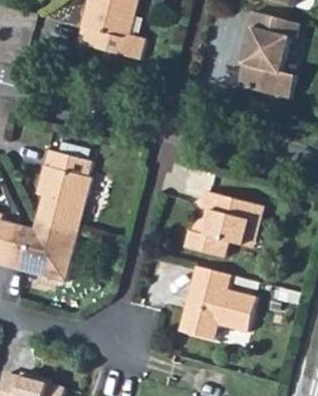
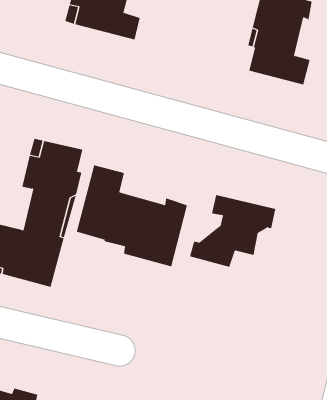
building: none -> [76,165,187,267]
building: [182,272,259,346] -> none

